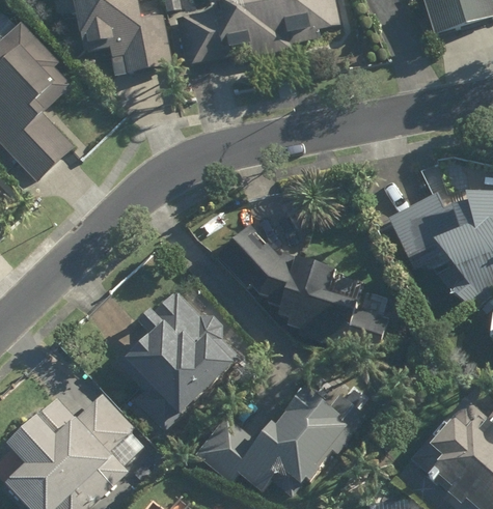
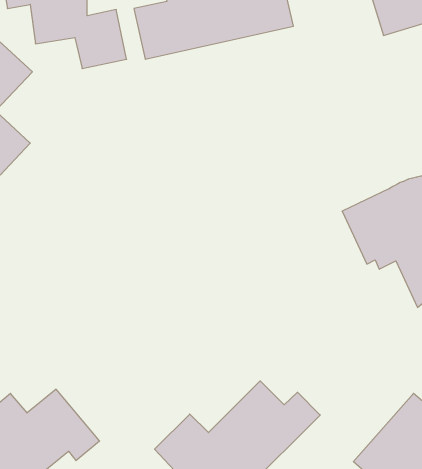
building: [216,225,385,351] -> none
building: [117,290,238,429] -> none

